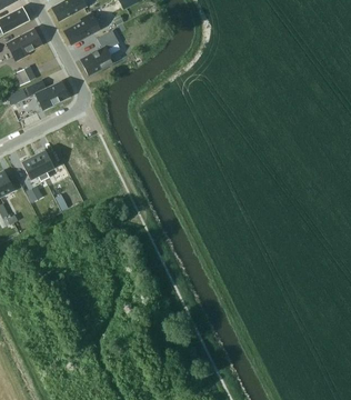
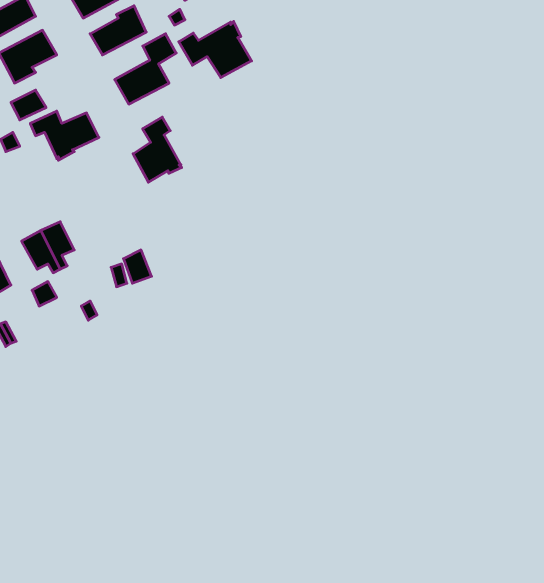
building: none -> [179,21,252,78]
building: none -> [133,117,182,182]

